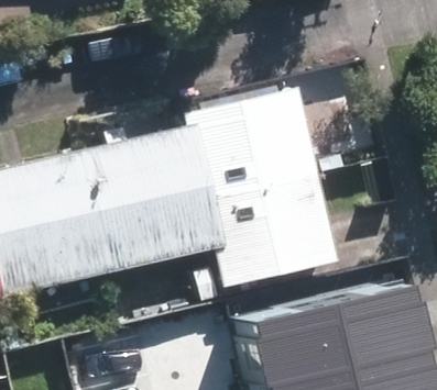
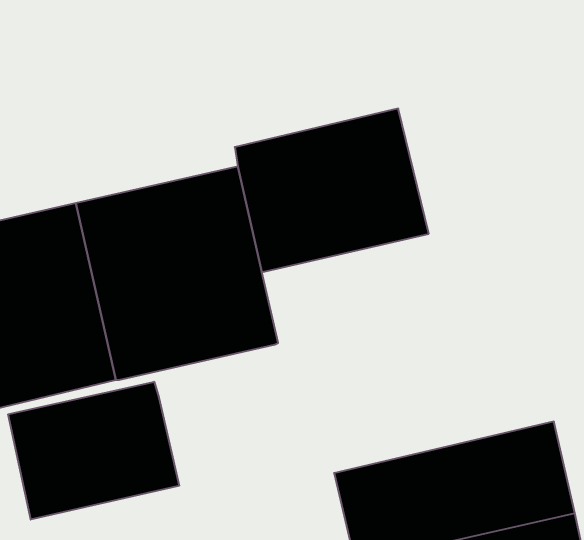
building: [208,169,342,282] -> none
building: none -> [8,382,179,520]

